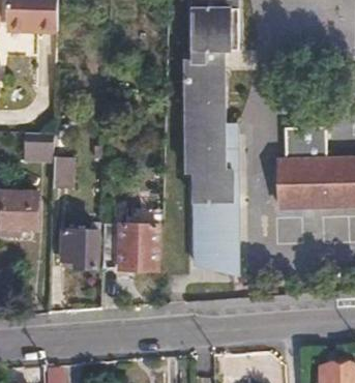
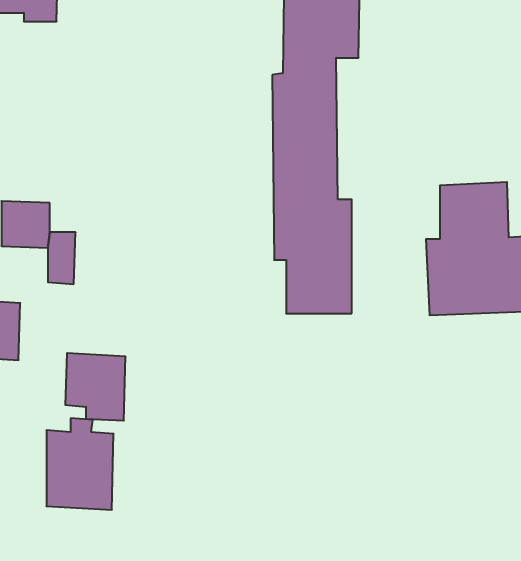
building: [194,204,233,275] -> none
building: [118,216,158,271] -> [46,418,114,510]

